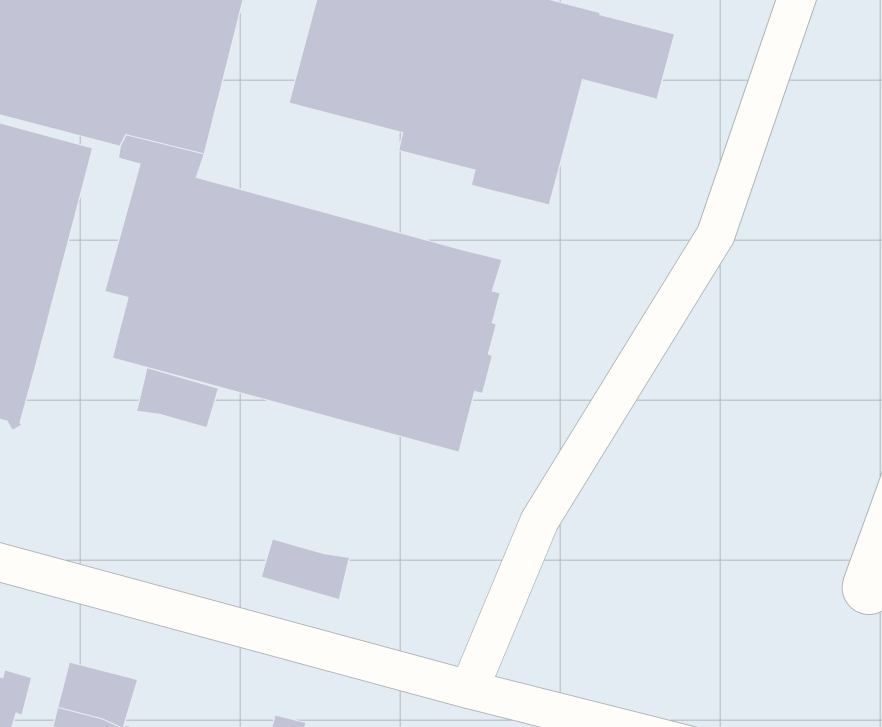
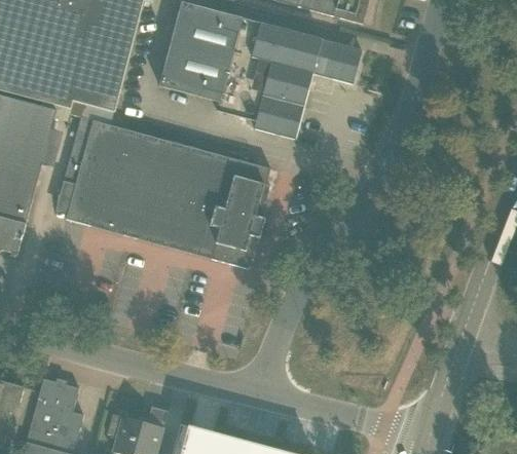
building: [135,367,219,428] -> none
building: [261,539,351,600] -> none

